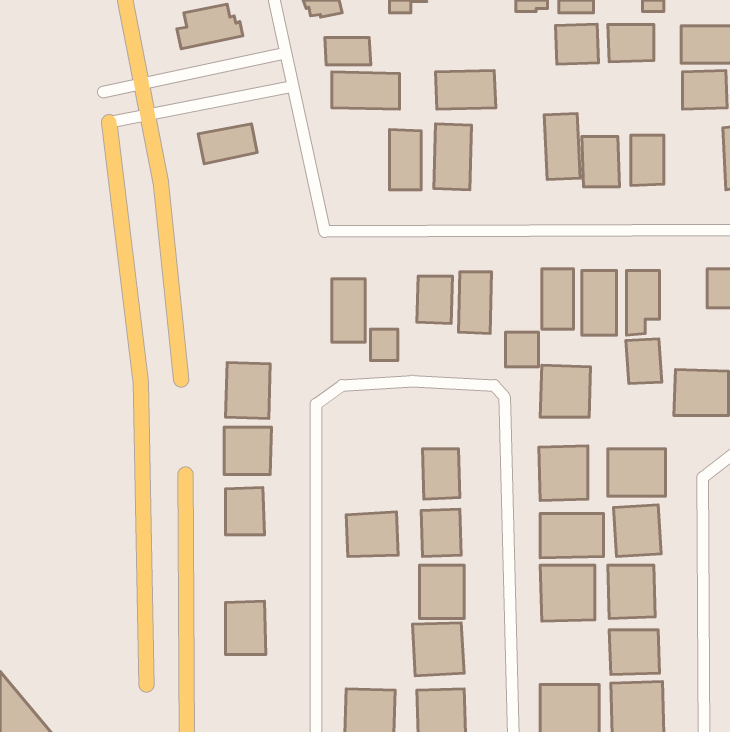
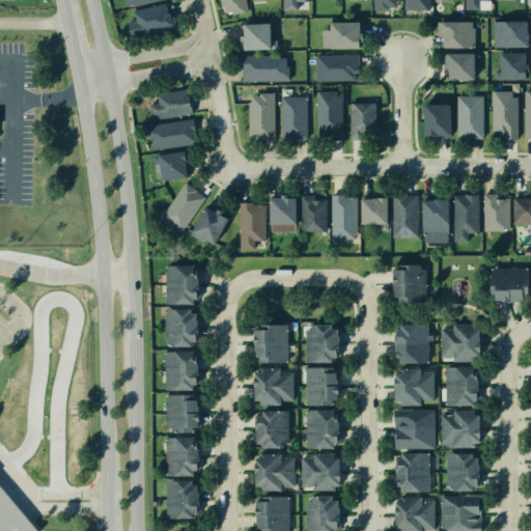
building: [556,24,599,64] -> [443,51,474,80]
building: none -> [330,22,361,47]
building: [544,113,580,180] -> [352,97,378,145]
building: none -> [493,90,519,138]
building: none -> [250,91,277,140]
building: none -> [148,119,195,149]
building: none -> [156,150,192,183]
building: none -> [164,185,207,233]
building: none -> [193,208,231,248]
building: [371,329,398,361] -> [275,200,295,223]
building: [505,332,538,367] -> [363,198,387,223]
building: [626,339,662,384] -> [483,198,509,230]
building: none -> [252,327,287,361]
building: none -> [166,398,197,430]
building: none -> [252,409,288,447]
building: none -> [251,454,292,490]
building: none -> [394,455,430,492]
building: none -> [164,482,193,519]

